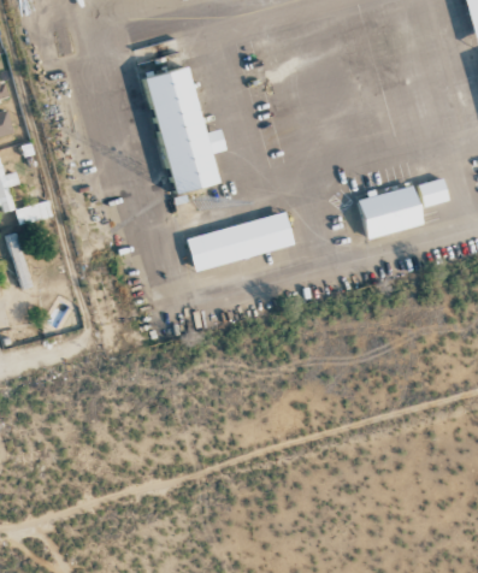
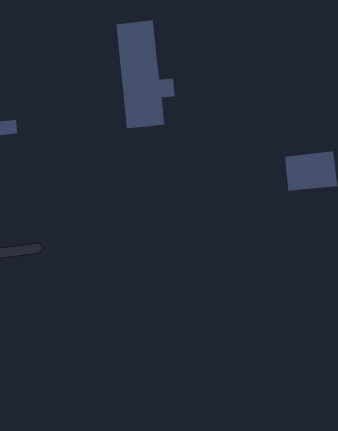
building: [187,211,295,270] -> none

